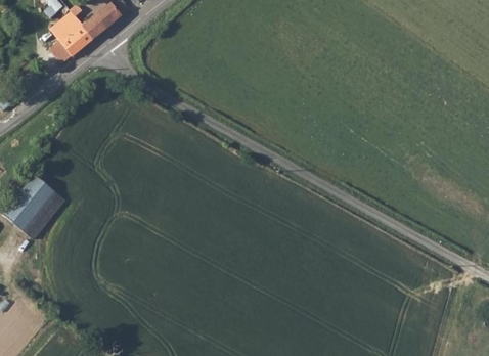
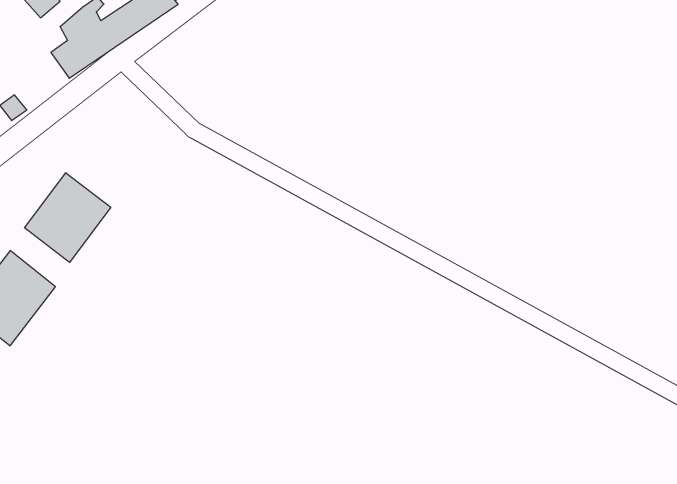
building: none -> [25,173,111,262]

